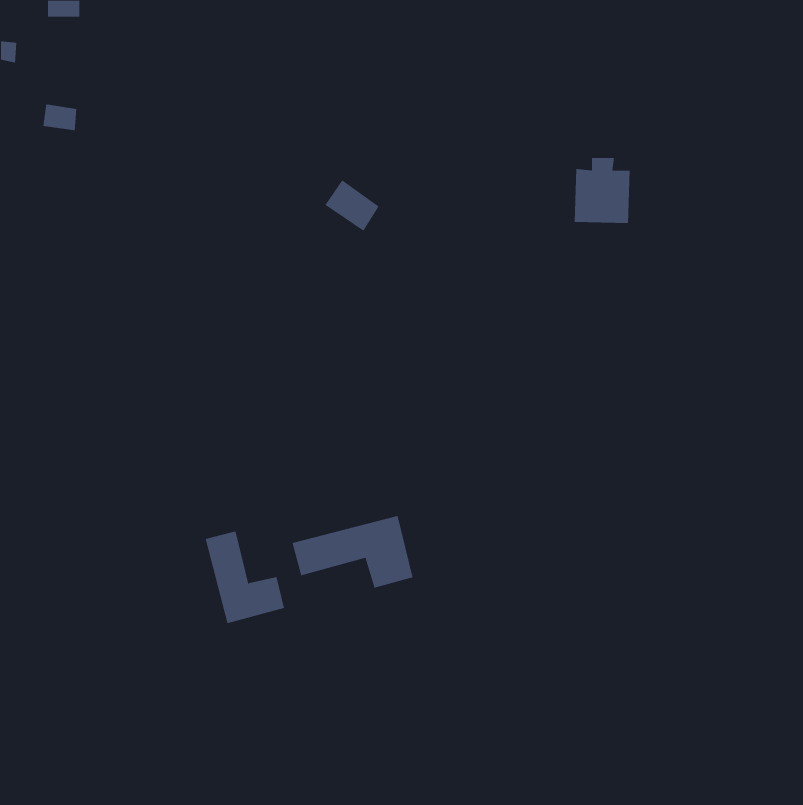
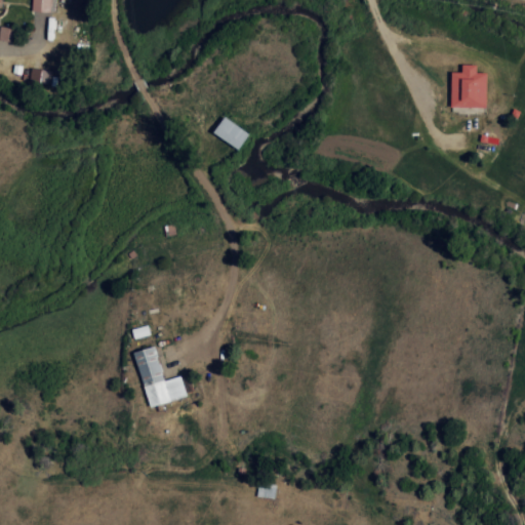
building: [574,157,631,224] -> [450,65,487,108]
building: [292,515,413,588] -> none

